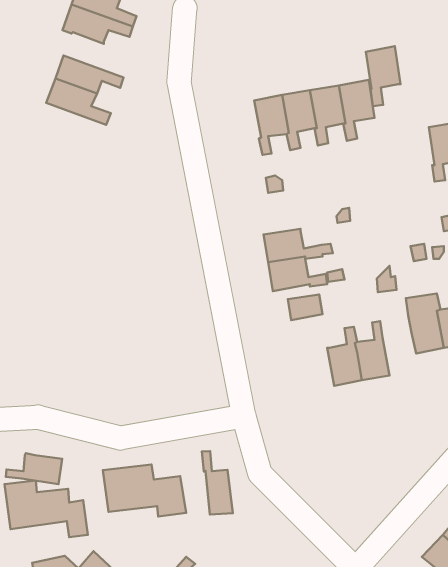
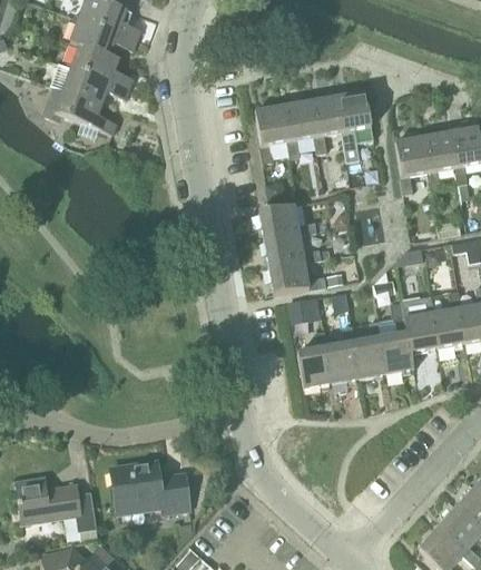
building: none -> [72,45,135,88]
building: [366,46,400,106] -> [396,136,430,194]
building: none -> [259,206,317,239]
building: none -> [380,317,415,375]
building: none -> [298,333,333,390]
building: [202,451,233,515] -> none
building: [6,453,62,484] -> none

